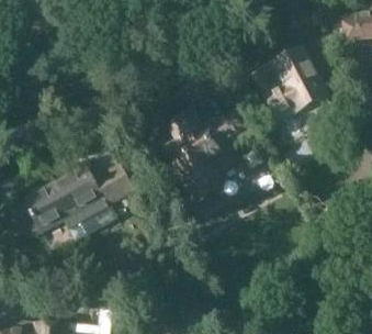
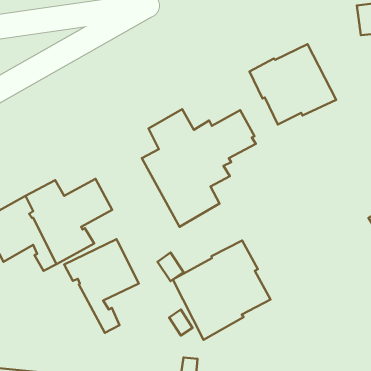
building: none -> [64,239,139,333]
building: none -> [173,241,271,340]

